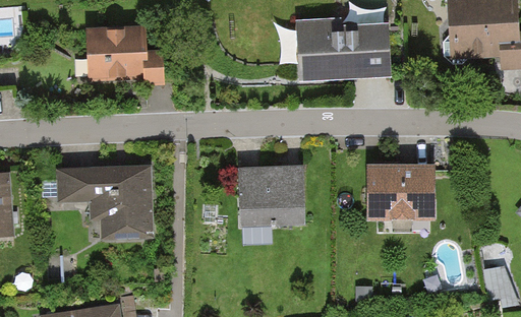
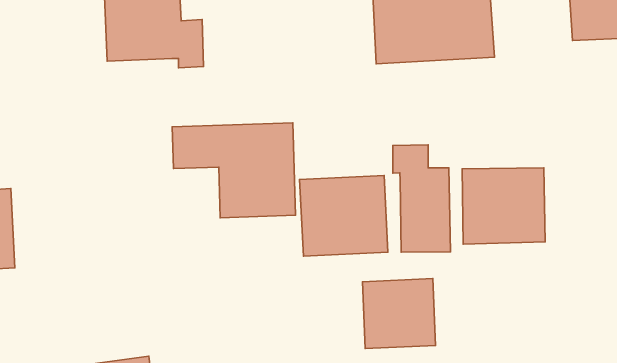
building: none -> [393,145,450,252]
building: [56,169,153,243] -> [172,123,296,218]
building: none -> [362,279,436,349]

